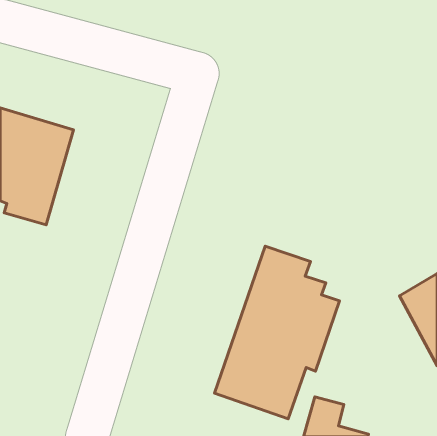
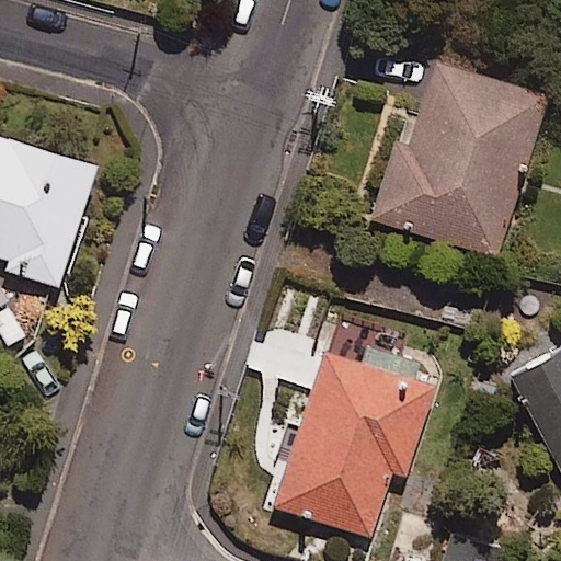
building: none -> [370,59,549,256]

